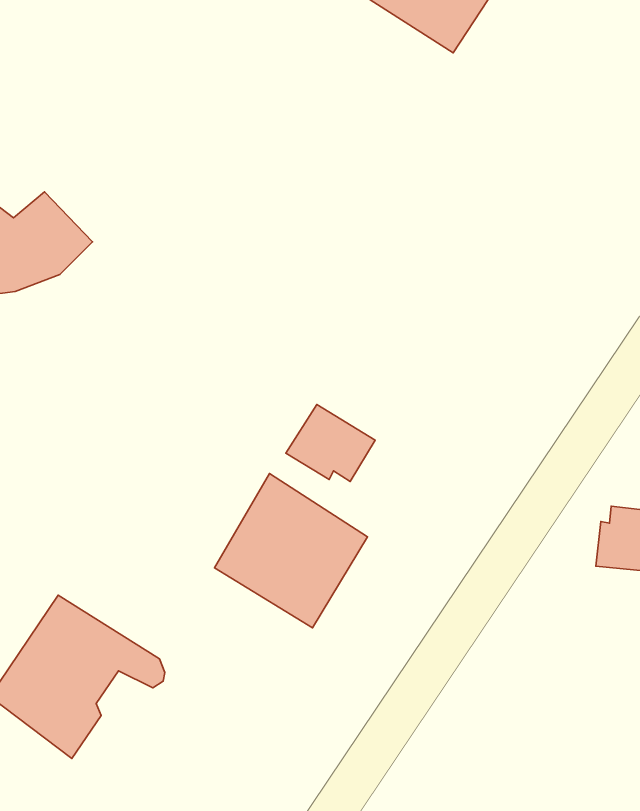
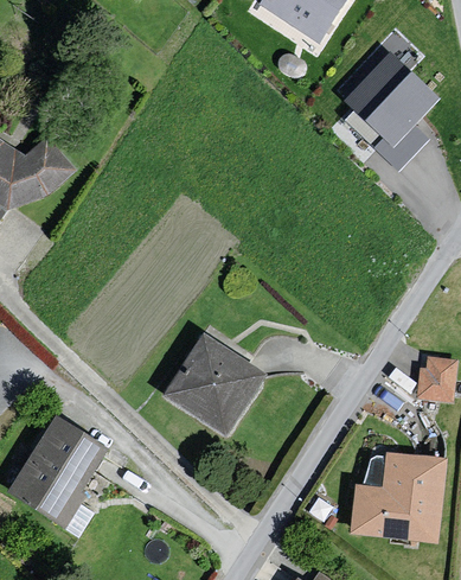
building: none -> [352,51,442,164]
building: [286,404,375,481] -> none
building: none -> [347,450,442,543]

